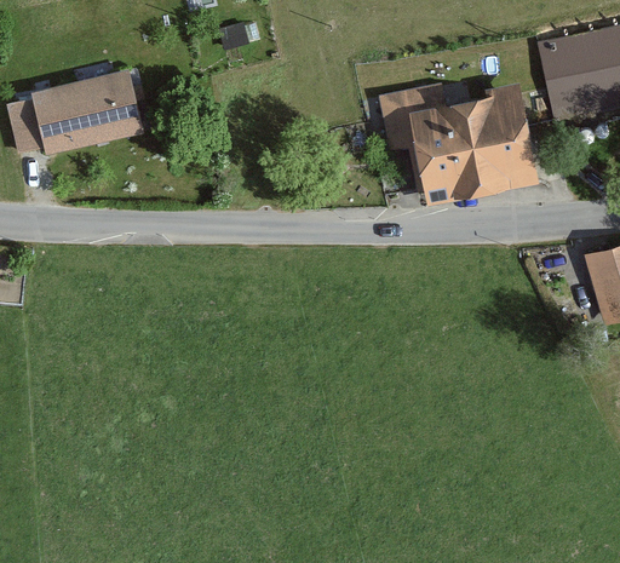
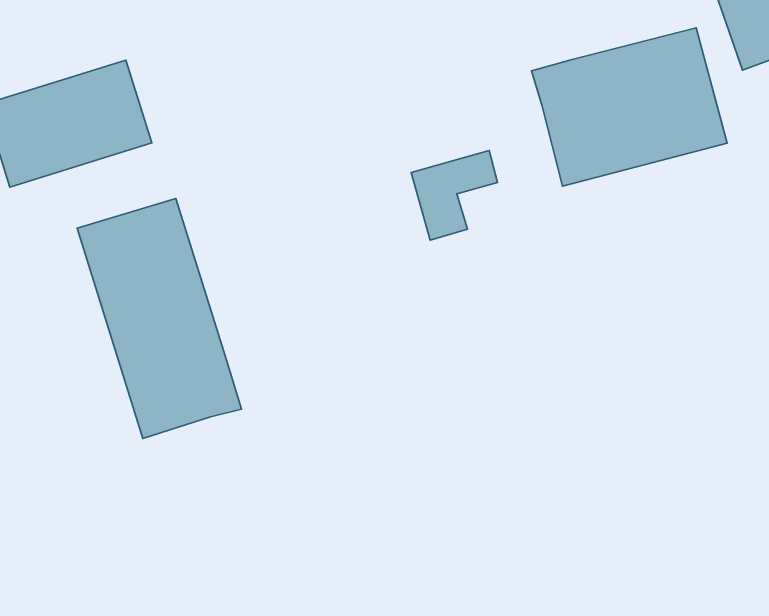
building: [380,82,440,140] -> [411,150,498,240]
building: none -> [77,199,241,439]

